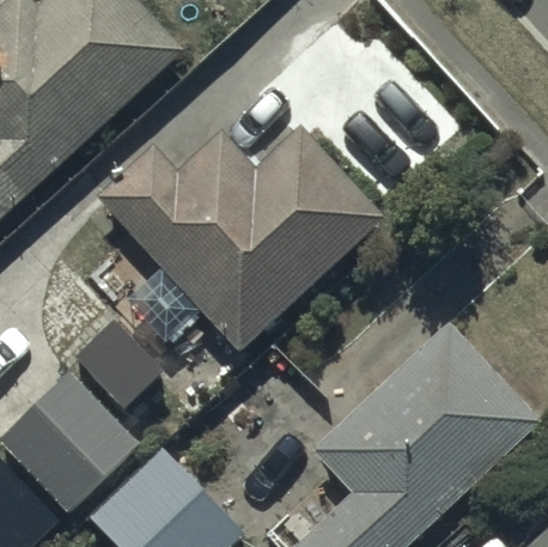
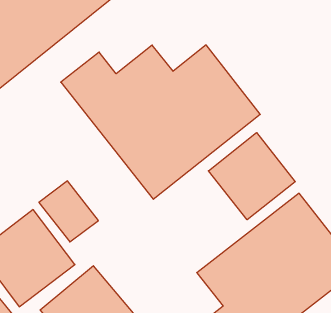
building: none -> [208,133,295,220]

